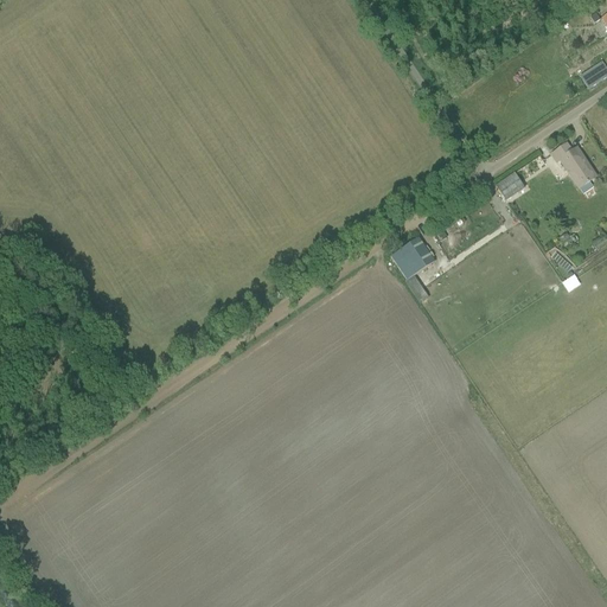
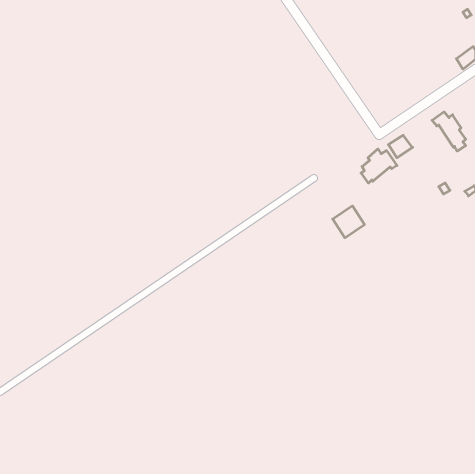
building: none -> [361,149,397,183]
building: [394,237,434,277] -> [333,206,364,238]

